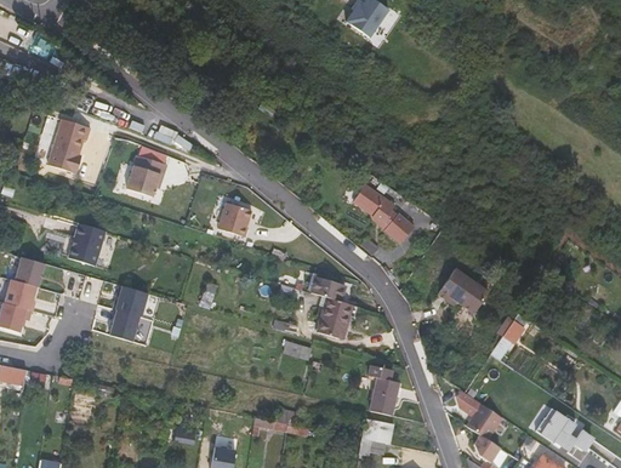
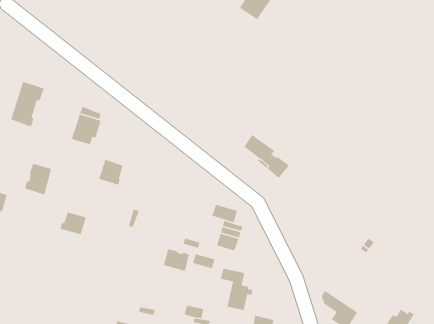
building: [218,205,251,240] -> [98,159,123,186]
building: [435,269,486,314] -> none
building: [109,309,139,341] -> none
building: none -> [163,248,190,272]
building: [360,358,404,413] -> [220,268,254,311]

